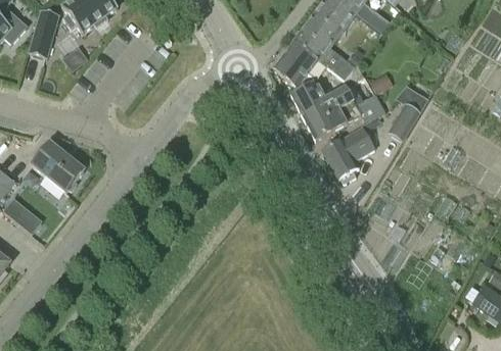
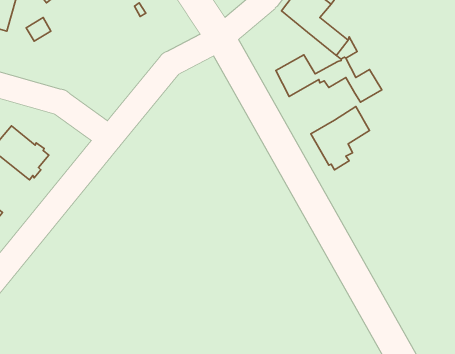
building: [273,39,318,86] -> none
building: [302,99,361,139] -> none
building: [386,102,419,140] -> none

